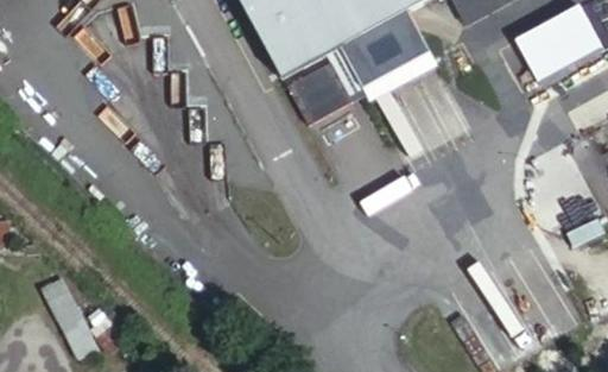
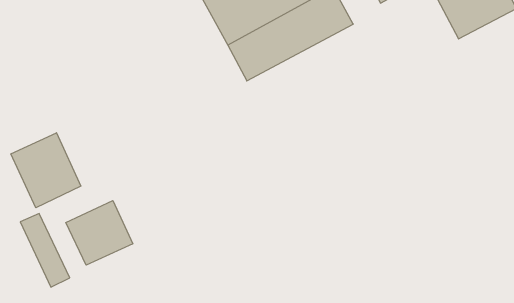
building: none -> [11,133,81,208]
building: none -> [66,201,133,265]

